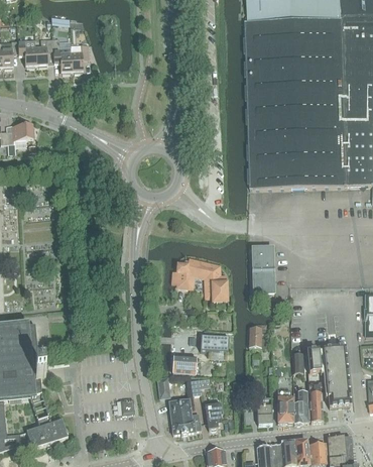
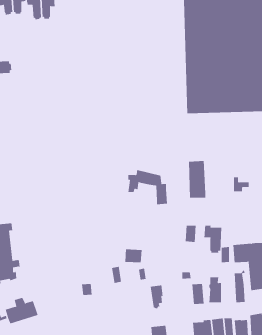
building: none -> [204,225,222,253]
building: [200,335,229,352] -> none
building: [293,391,307,425] -> none
building: [168,399,200,435] -> none

